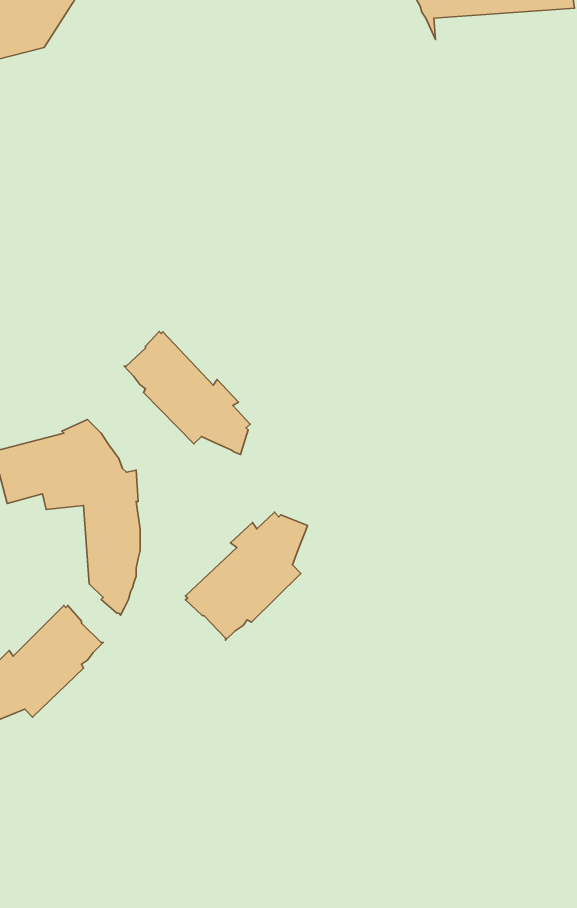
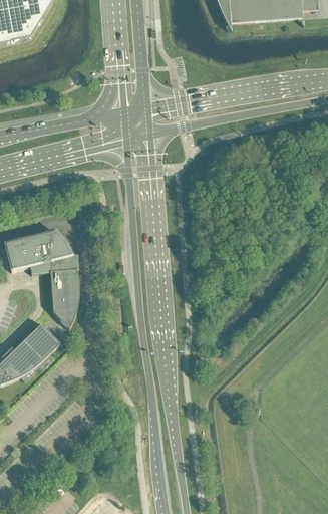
building: [124,331,250,454] -> none
building: [185,512,308,640] -> none

